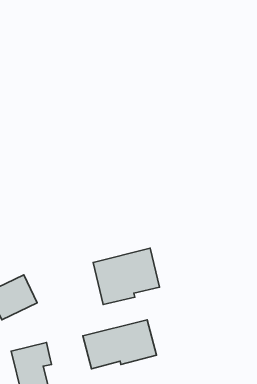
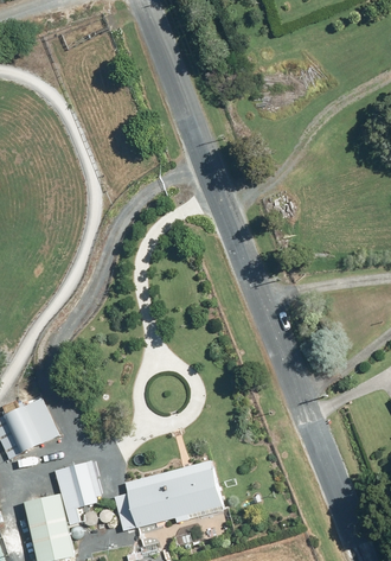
building: [93,248,160,304] -> none
building: none -> [66,461,98,508]

